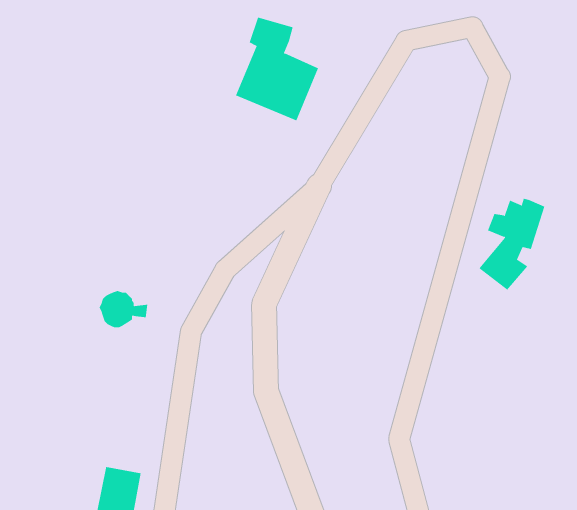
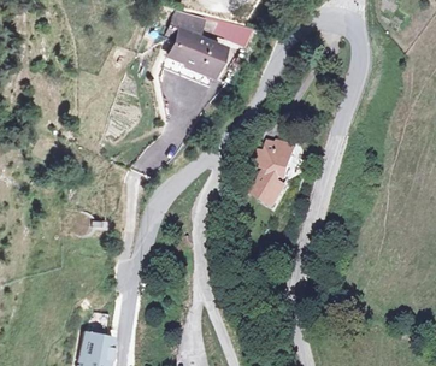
building: none -> [208,18,255,47]
building: [479,198,545,290] -> [253,146,300,211]

